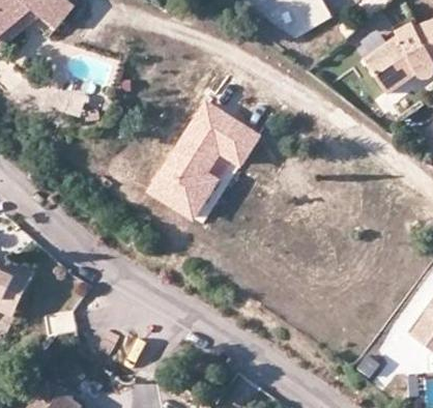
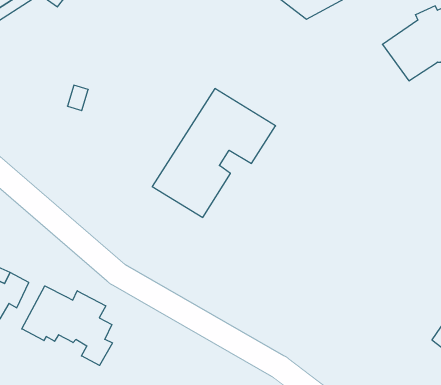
building: none -> [22,286,112,365]

